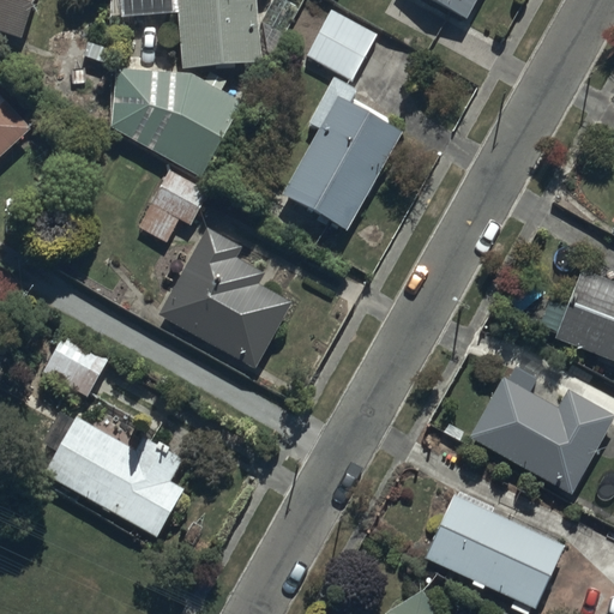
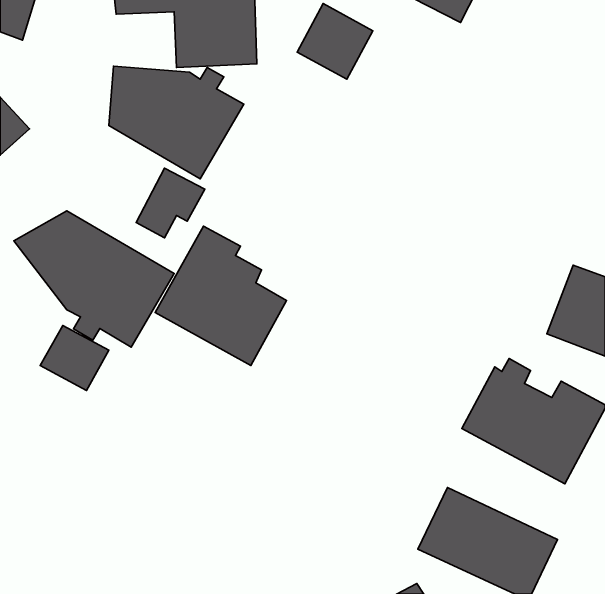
building: [281,77,399,233] -> none
building: none -> [14,211,174,347]
building: [43,417,185,541] -> none

